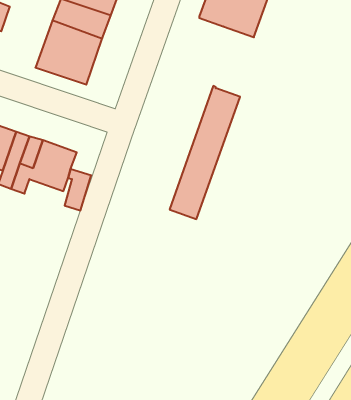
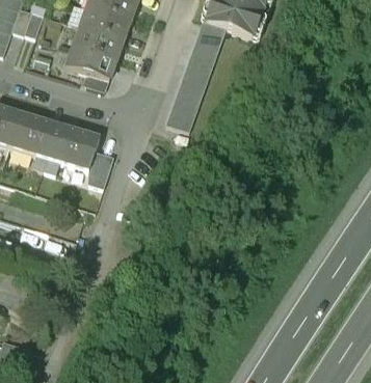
building: [170,86,240,219] -> [165,21,226,135]

